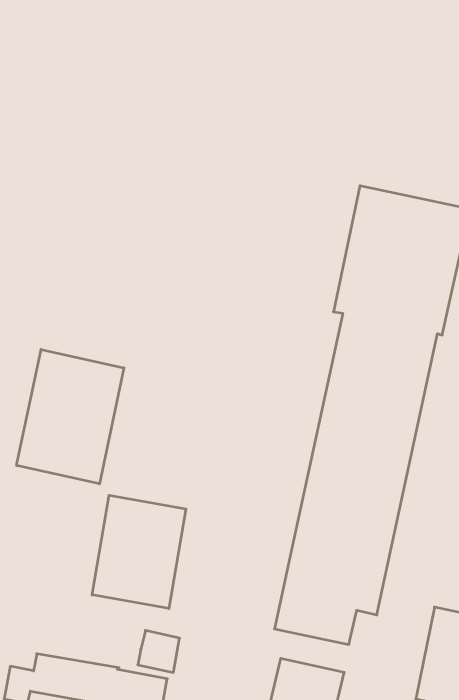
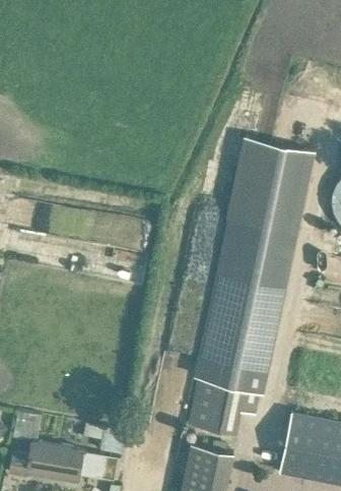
building: [17,349,124,484] -> none
building: [92,495,186,609] -> none

